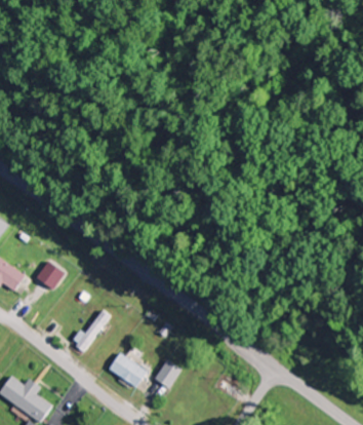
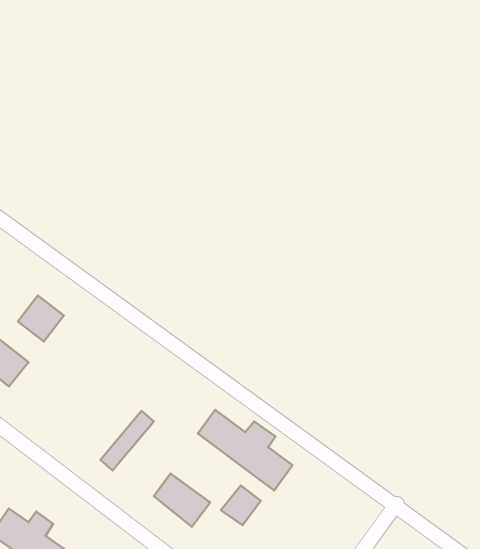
building: [34,259,65,289] -> [18,296,64,341]
building: none -> [198,410,293,491]

